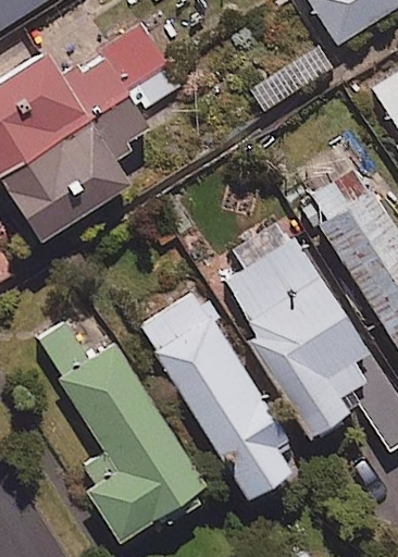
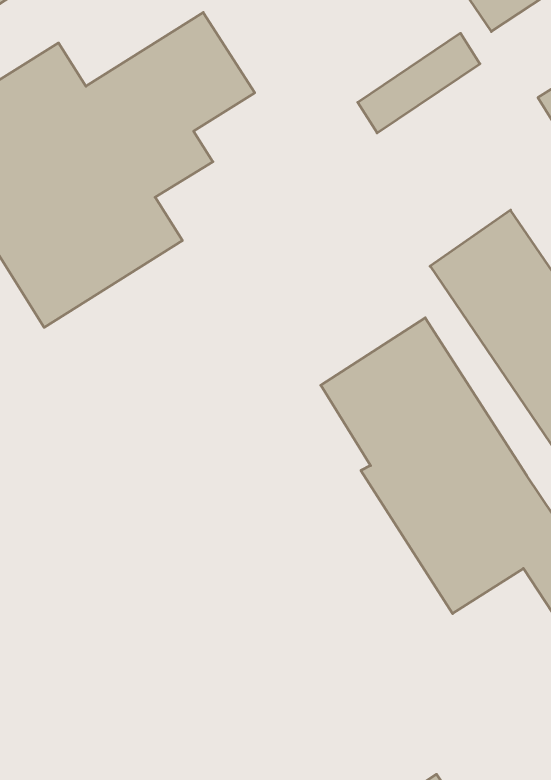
building: [139,292,295,500] -> none
building: [38,324,207,542] -> none

